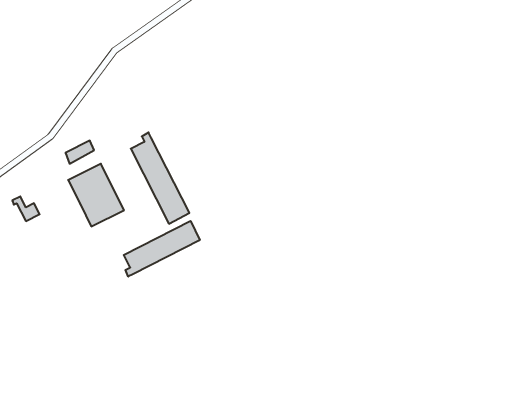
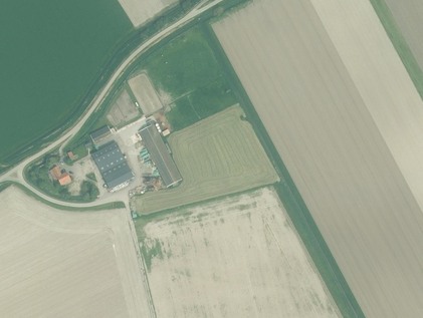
building: [124,221,200,277] -> none

